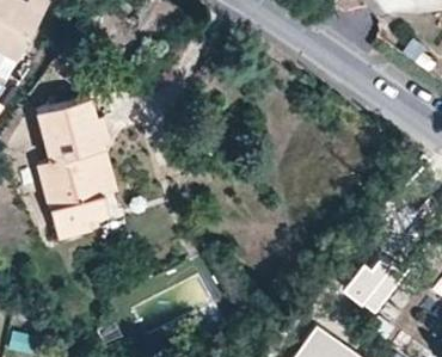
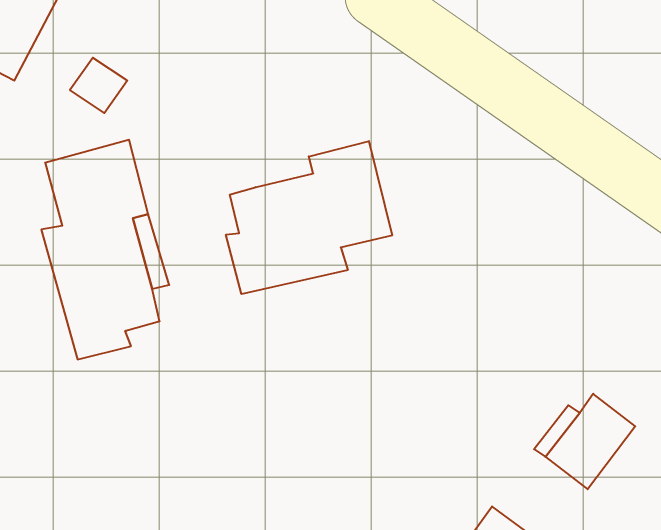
building: none -> [226,141,392,294]

